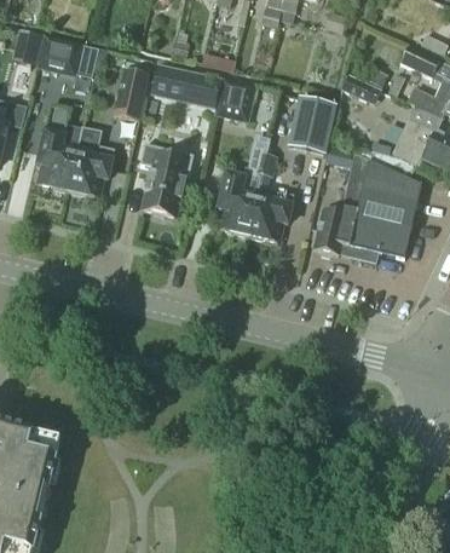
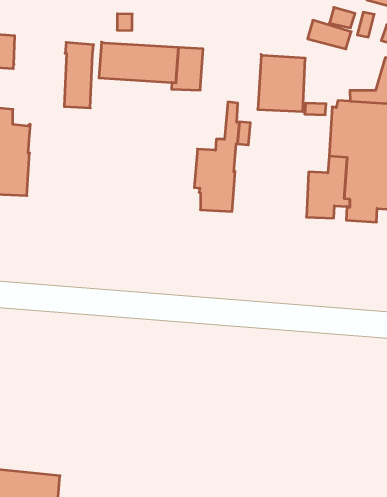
building: [69,126,112,195] -> none
building: [142,142,195,214] -> none
building: [249,185,294,238] -> none

